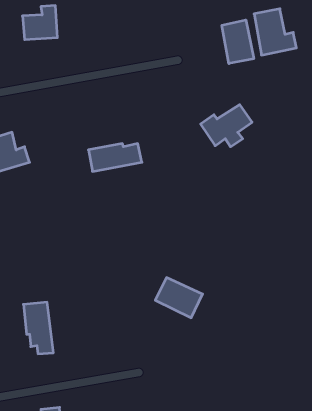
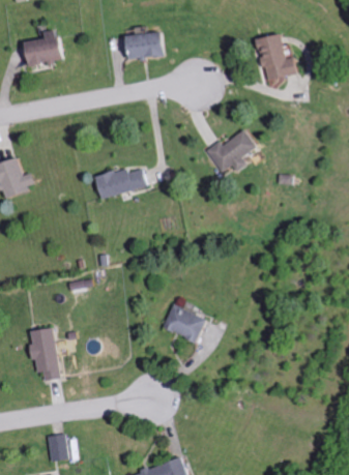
building: none -> [126,32,167,58]
building: [222,20,254,64] -> none

